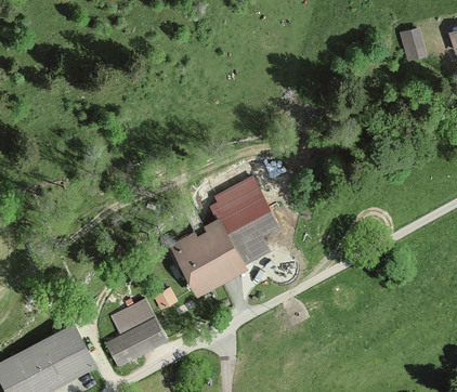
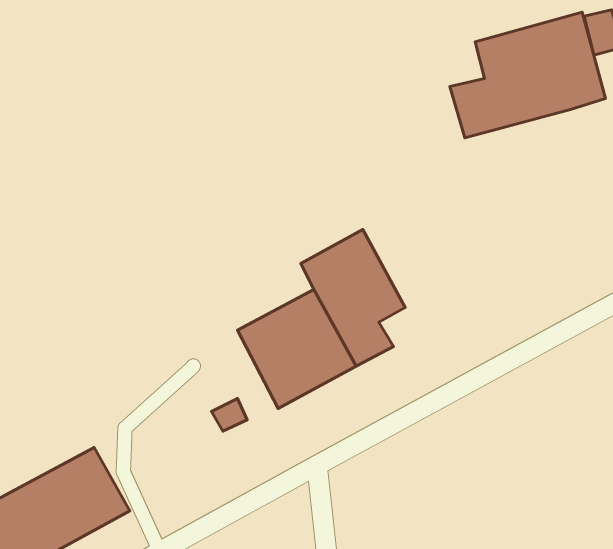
building: none -> [450,12,605,138]
building: [107,300,169,367] -> none

